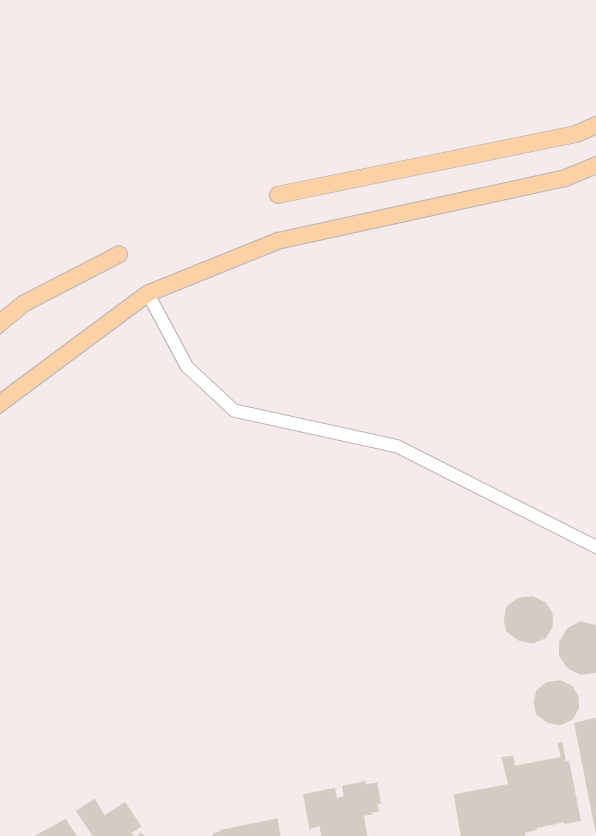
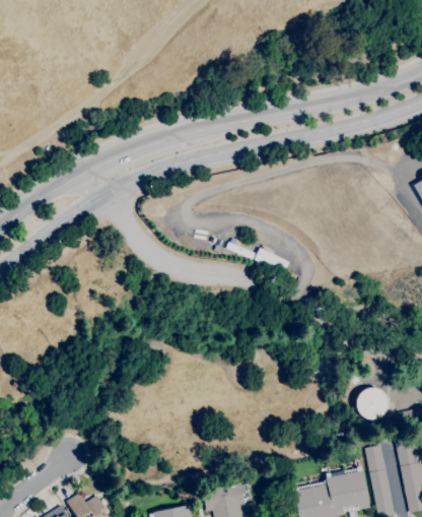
building: [503,596,554,644] -> none
building: [533,680,579,726] -> none

